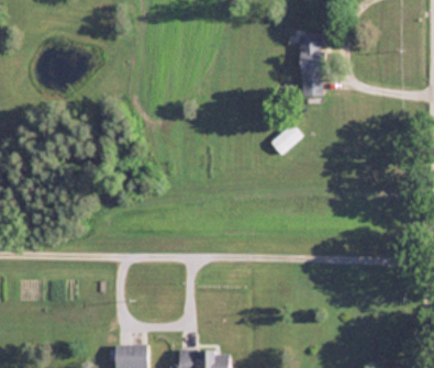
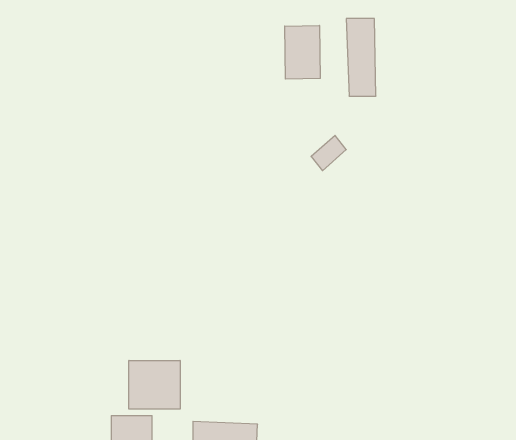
building: none -> [285,25,320,79]
building: none -> [129,360,180,409]

